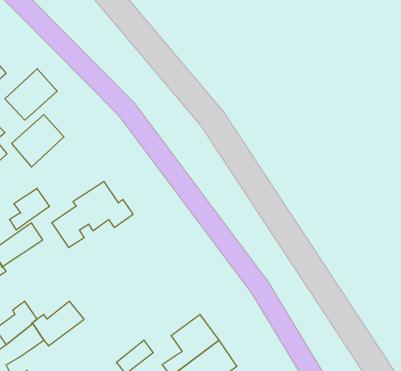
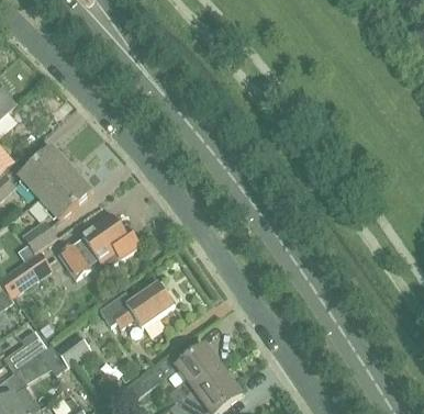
building: [5,69,57,120] -> [40,169,91,220]
building: none -> [100,281,174,327]

